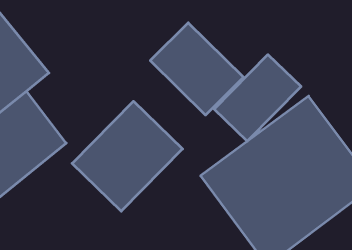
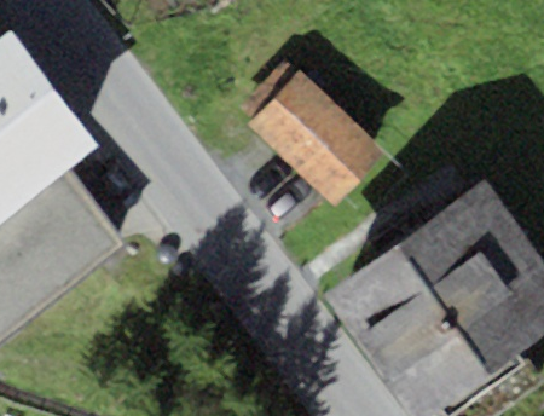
building: [214,55,301,141] -> none
building: [72,101,183,211] -> none

